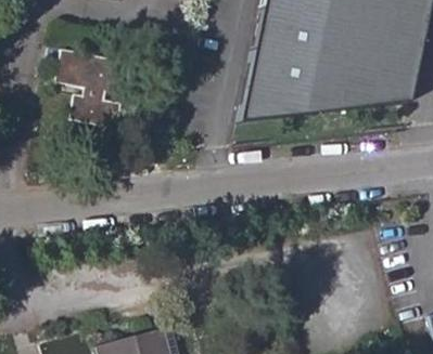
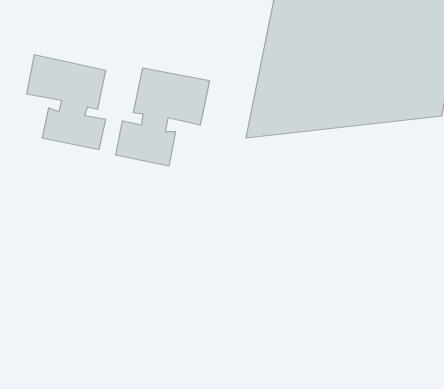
building: none -> [116,68,209,166]

